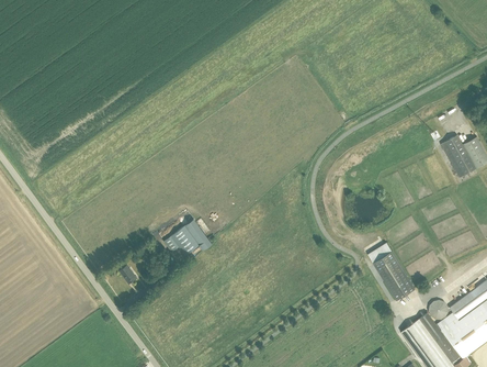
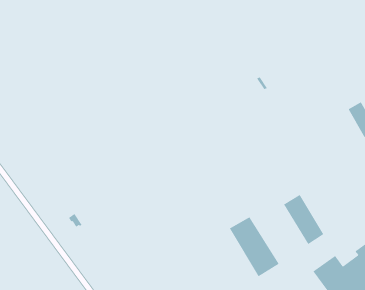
building: [162,219,212,255] -> none
building: none -> [229,216,280,277]

